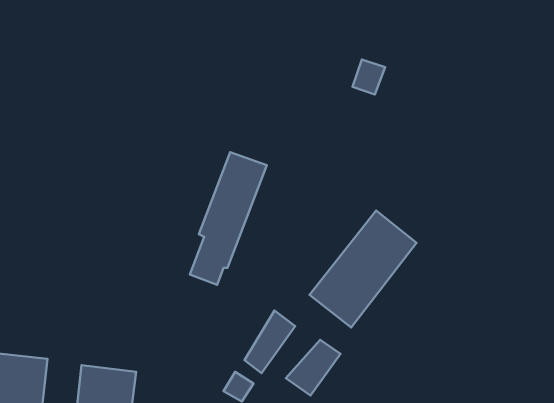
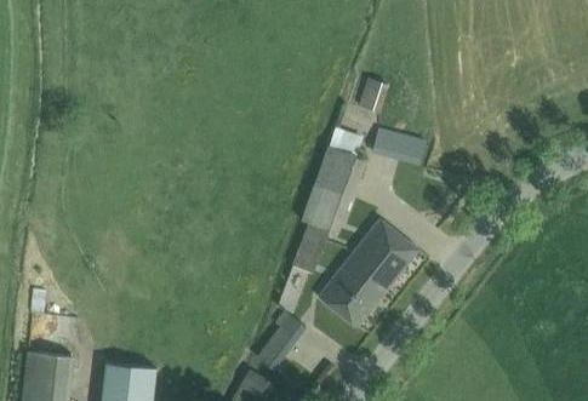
building: none -> [371,130,424,164]
building: [190,152,267,285] -> [292,148,364,271]
building: [286,340,341,395] -> none

